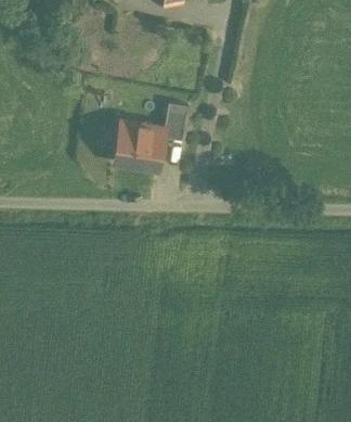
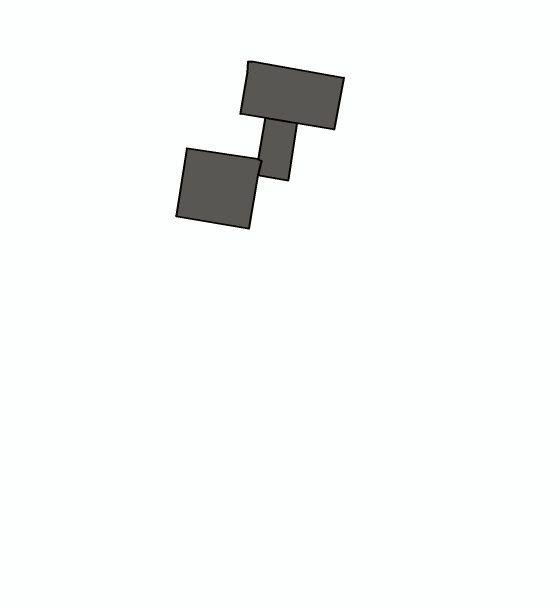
building: none -> [240,62,344,130]

